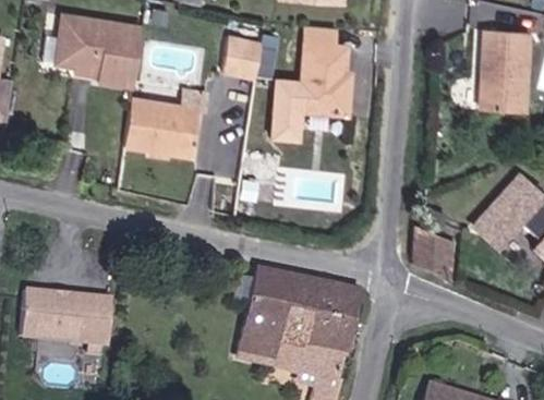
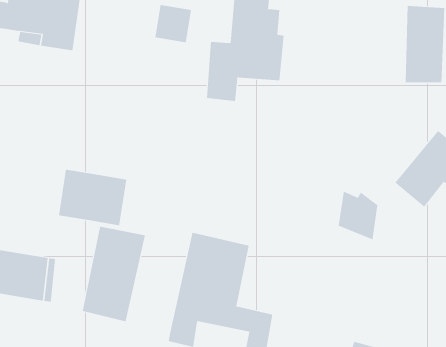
building: [130,95,203,155] -> [58,169,127,226]
building: none -> [82,226,145,322]
building: [306,288,359,361] -> none

